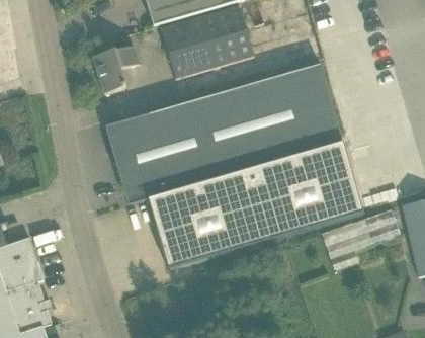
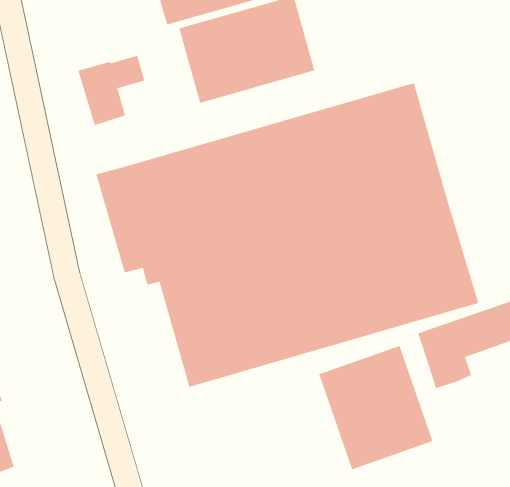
building: none -> [318,345,433,470]

